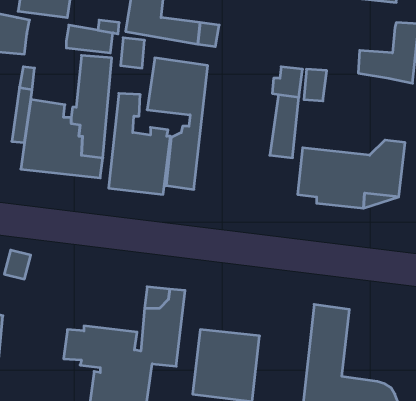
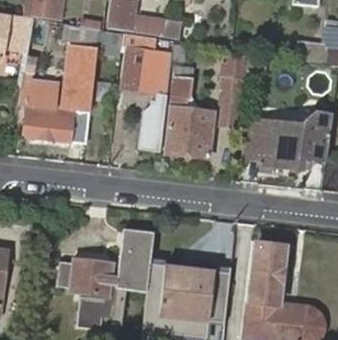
building: [109,93,171,194] -> [165,79,214,159]

